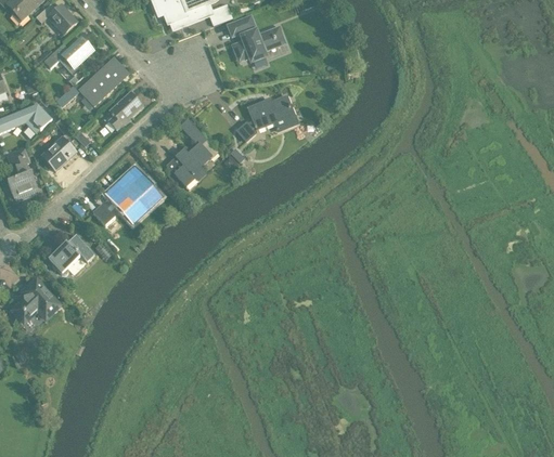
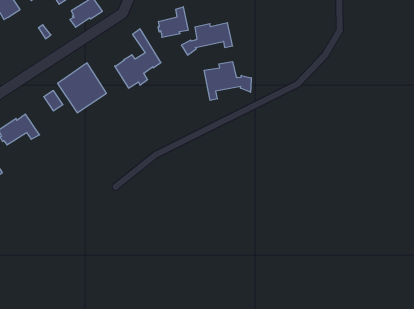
building: none -> [158,7,188,37]
building: [41,118,76,170] -> none
building: none -> [204,62,251,100]

